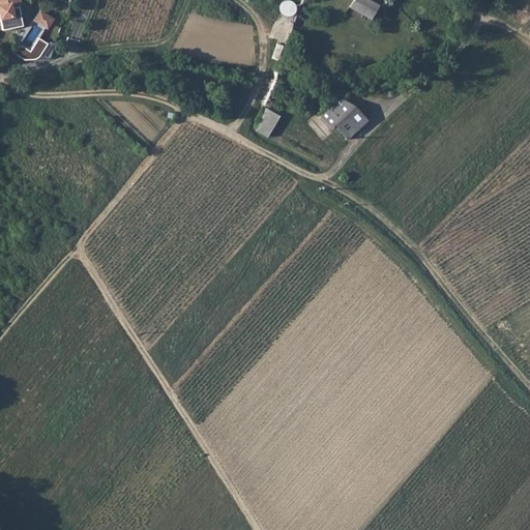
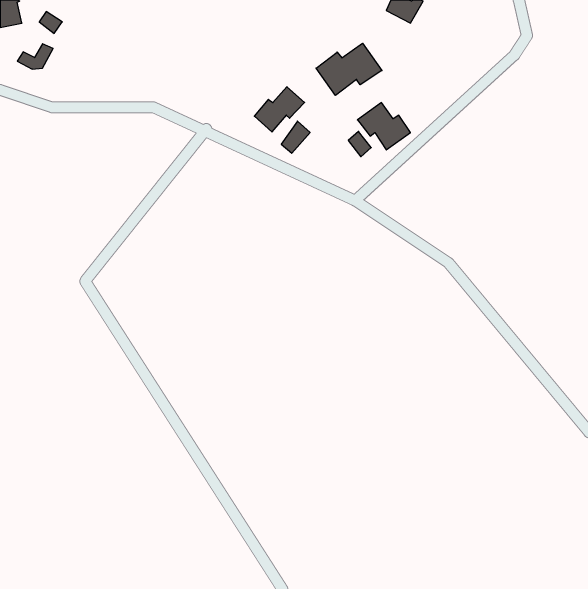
building: none -> [316,43,382,95]
building: none -> [254,87,305,132]

